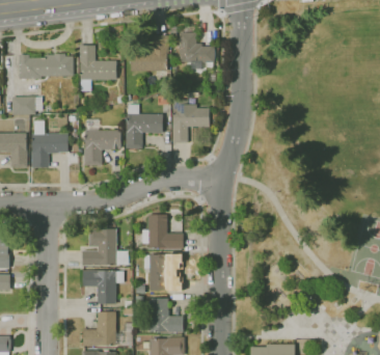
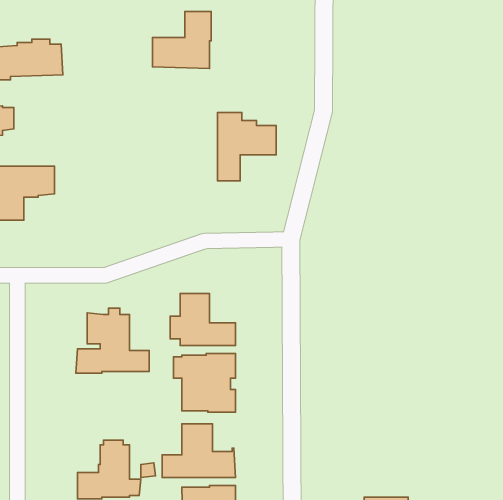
building: [179,32,214,62] -> none
building: [80,46,116,91] -> none
building: [126,104,163,148] -> none
building: [83,119,121,165] -> none
building: [83,270,124,304] -> none

